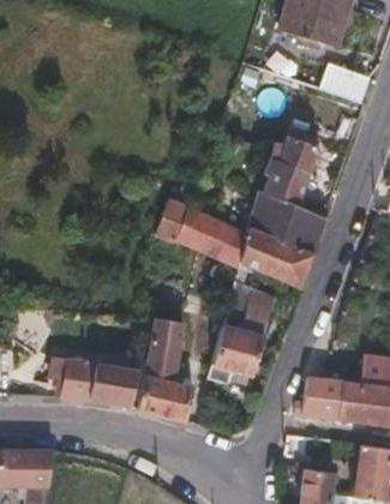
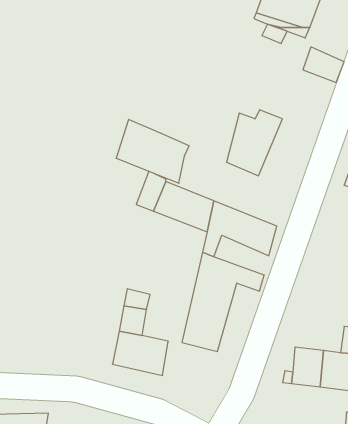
building: [235,186,312,253] -> [116,119,189,183]
building: [53,350,125,396] -> none

